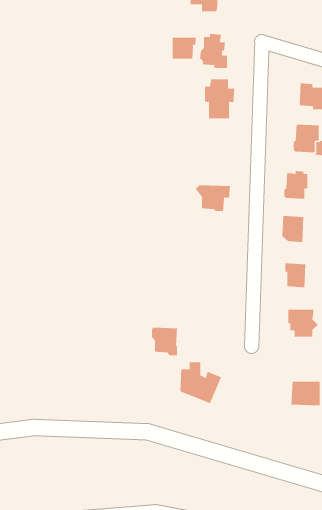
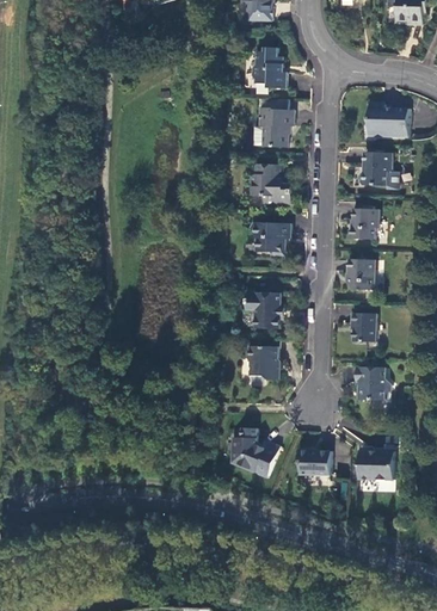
building: [172,37,196,59] -> none
building: none -> [251,163,293,203]
building: none -> [246,291,283,328]
building: [151,327,178,356] -> [247,345,278,378]
building: none -> [297,448,330,474]

